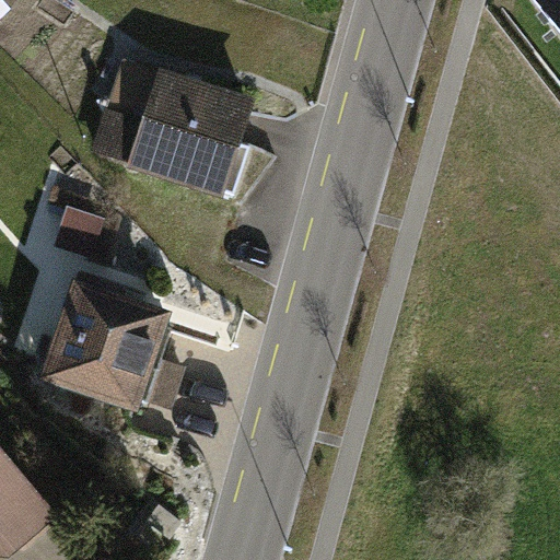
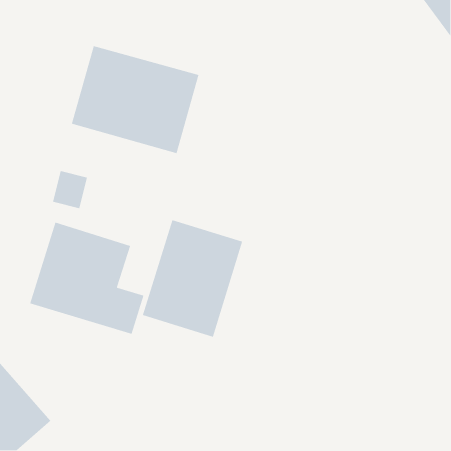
building: none -> [142,219,243,338]

